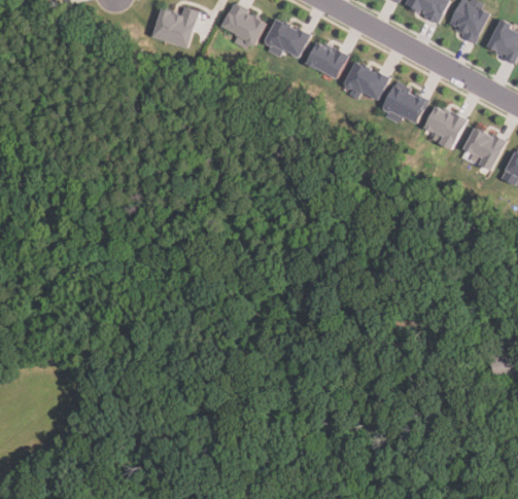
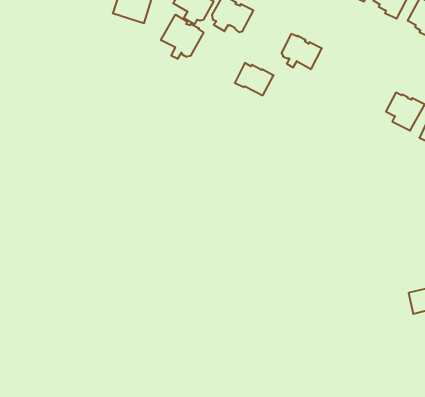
building: none -> [161,15,204,59]
building: [304,41,348,78] -> [235,63,274,95]
building: [382,81,428,123] -> none
building: [423,106,468,150] -> none

